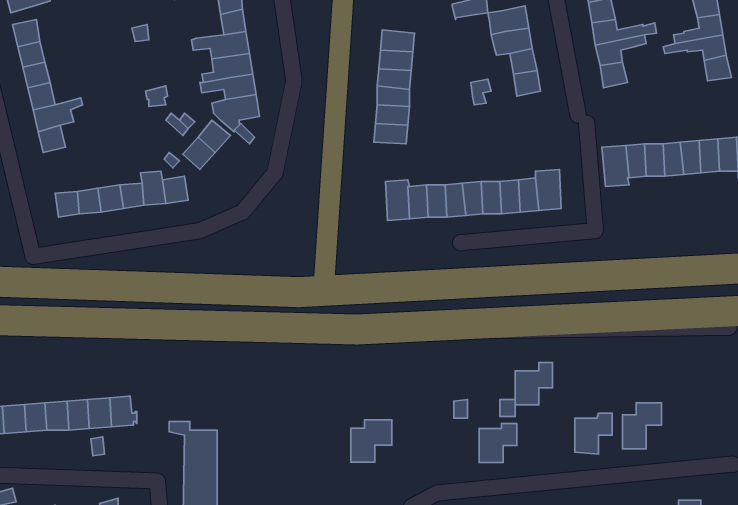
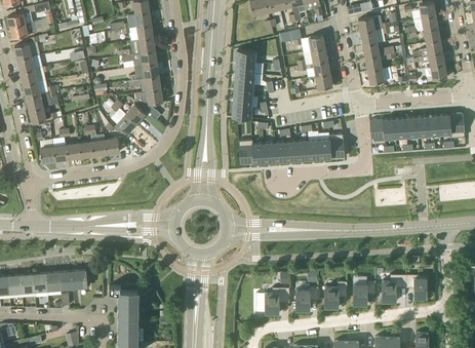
building: [515,362,553,405] -> [324,281,347,307]
building: none -> [405,274,427,299]
building: [351,420,392,462] -> [265,287,289,313]

